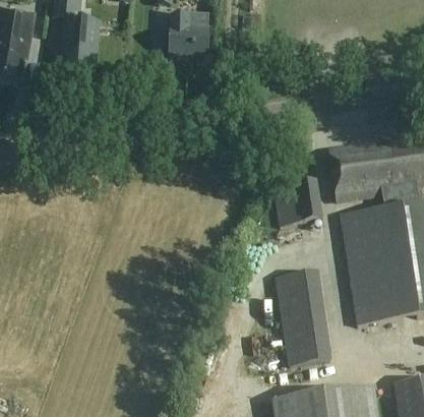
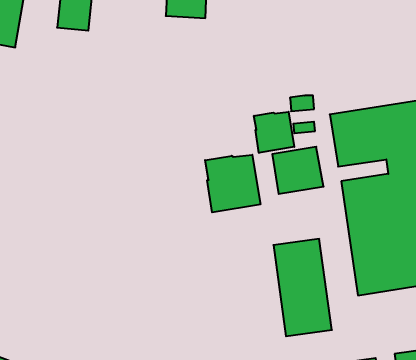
building: none -> [254,112,294,153]
building: none -> [205,155,260,212]

